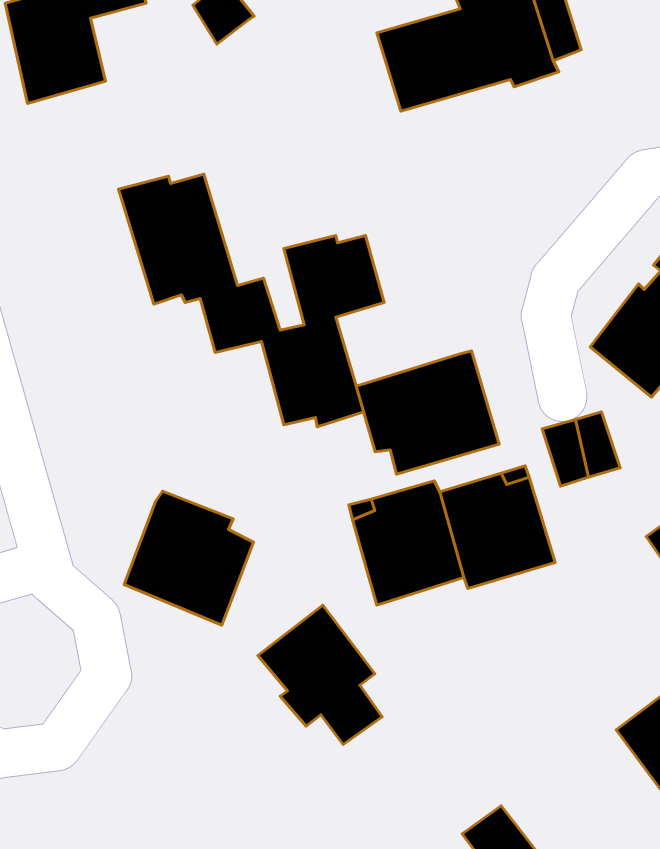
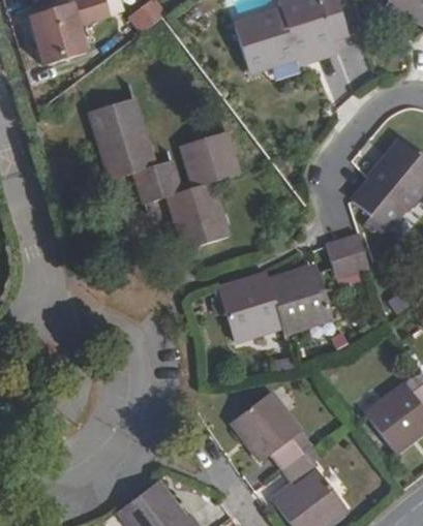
building: [356,351,499,474] -> none
building: [124,491,253,625] -> none
building: [258,605,382,745] -> [235,392,304,469]

